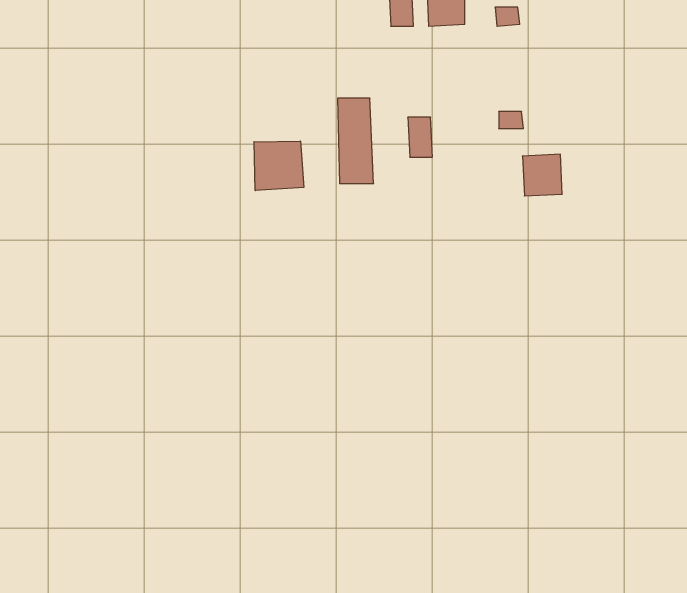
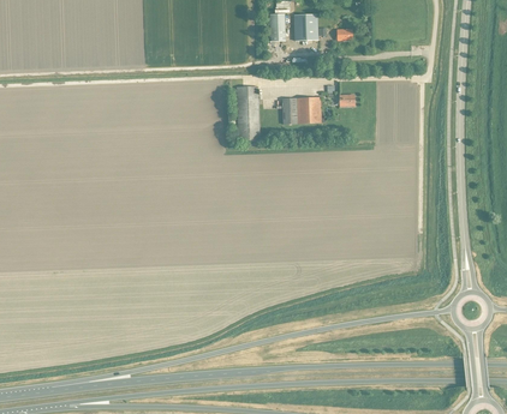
building: [254,141,304,191] -> none
building: [522,154,562,196] -> [296,97,321,124]

